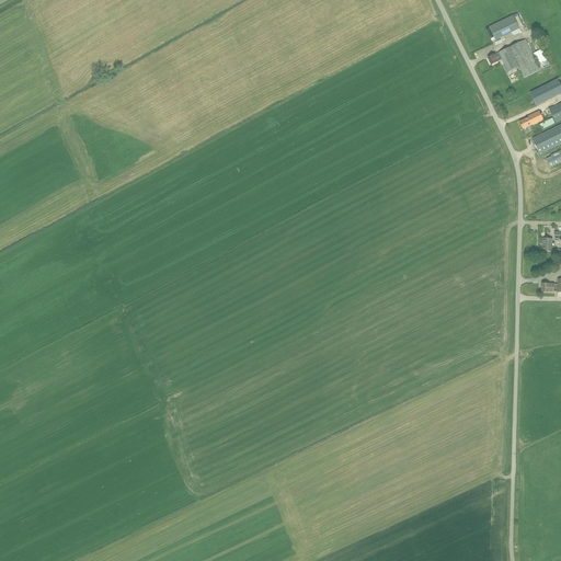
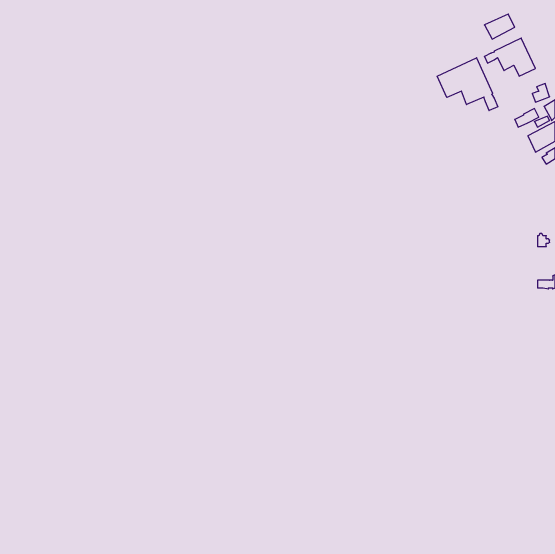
building: none -> [437,58,498,111]

